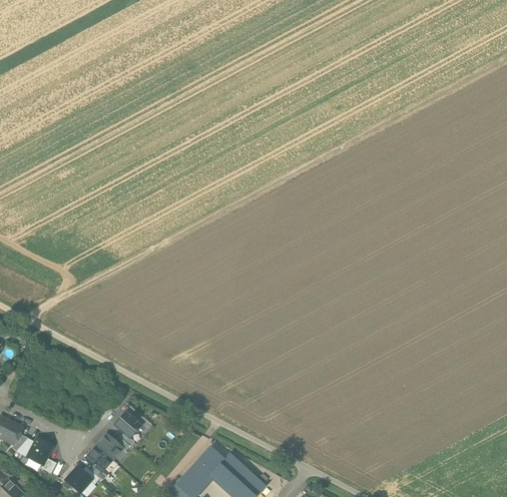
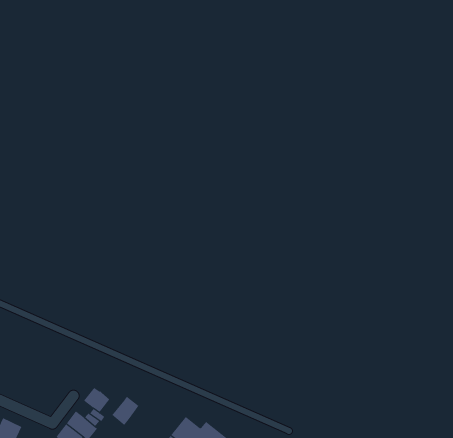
building: none -> [112,396,139,426]

